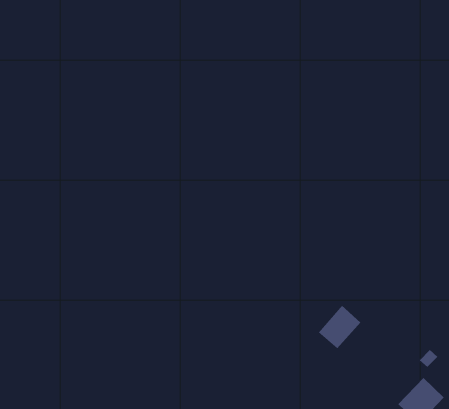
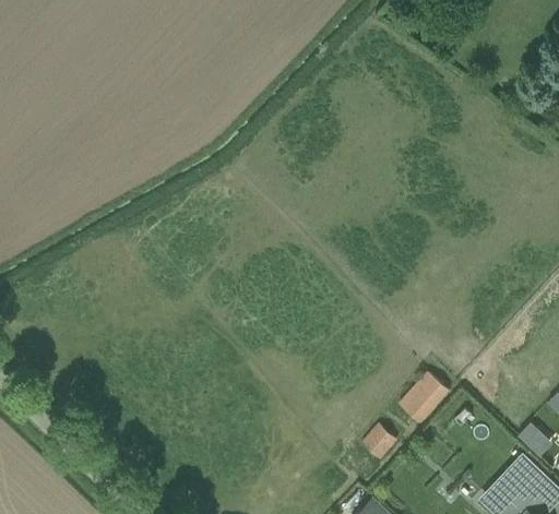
building: none -> [361,425,397,459]

